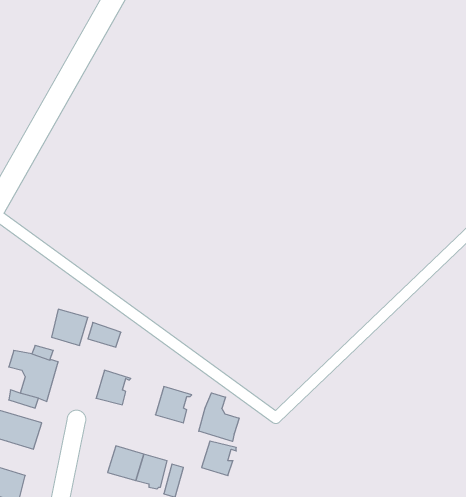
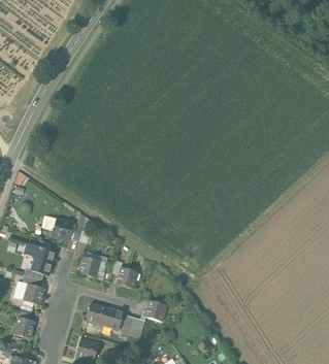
building: [199,393,239,441] -> none

